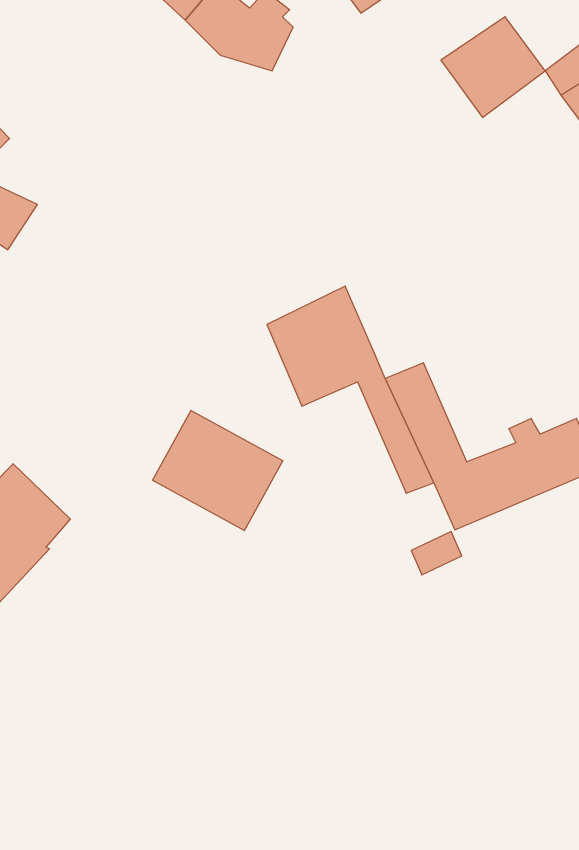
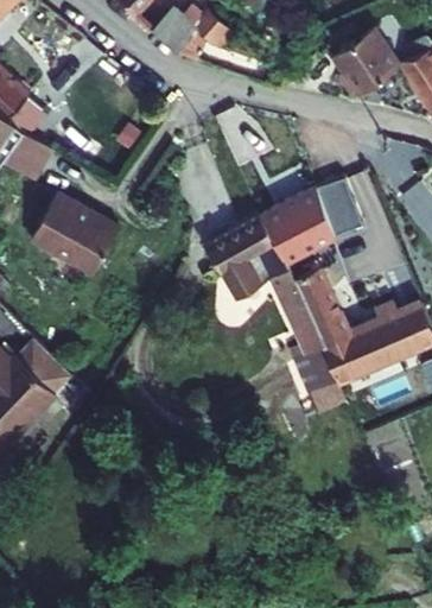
building: none -> [262,178,354,259]
building: [152,410,283,530] -> [33,195,122,277]
building: none -> [293,347,337,393]

